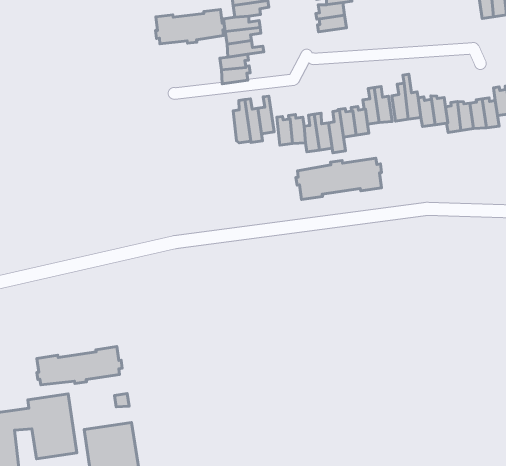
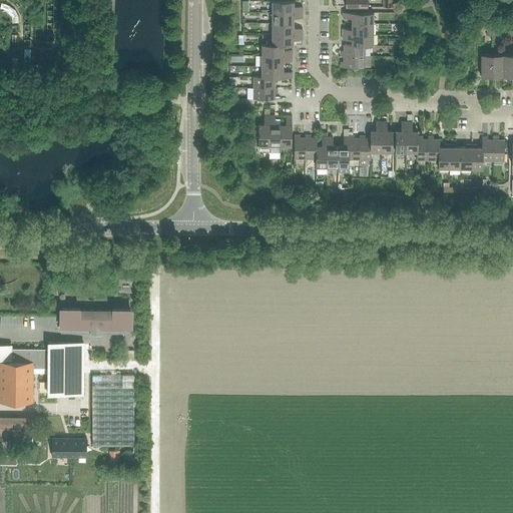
building: [156,9,225,44] -> none
building: [296,158,382,200] -> none

